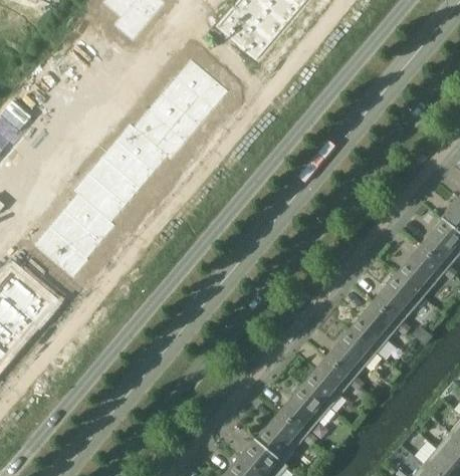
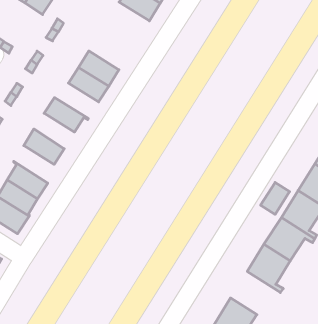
building: [181,64,227,108] -> none
building: [135,115,184,159] -> none
building: [106,146,152,189] -> none
building: [78,179,124,225] -> none
building: none -> [261,182,290,214]
building: [301,356,359,407] -> none

